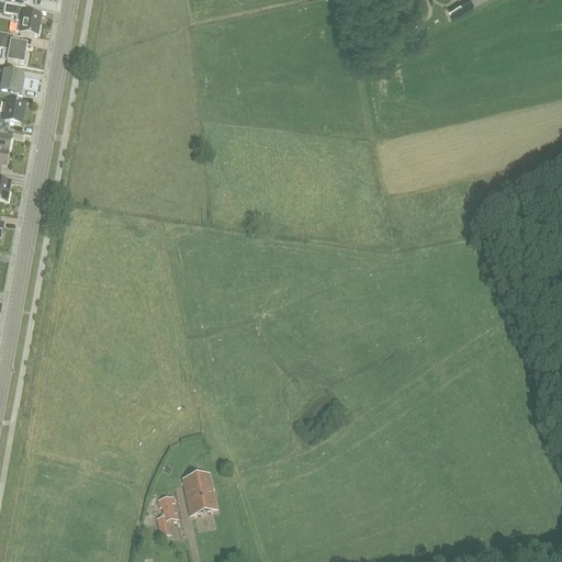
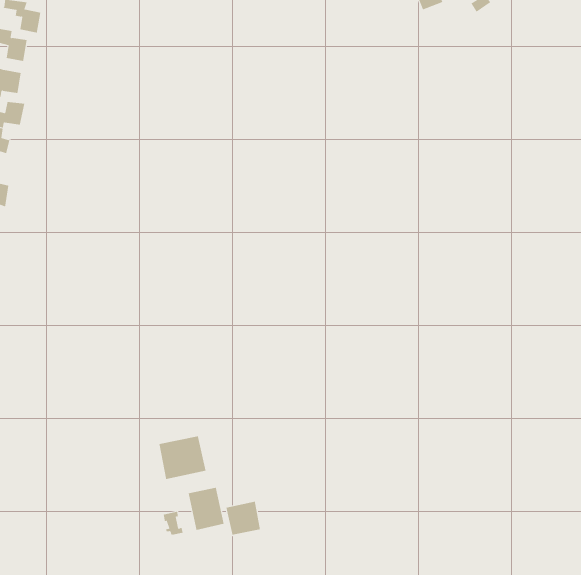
building: none -> [159,436,206,480]
building: none -> [226,501,261,536]

